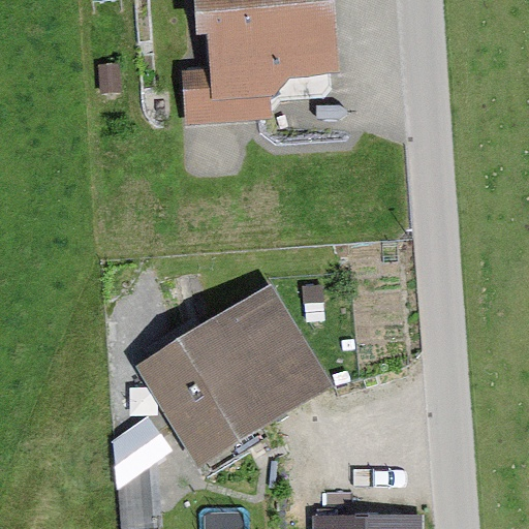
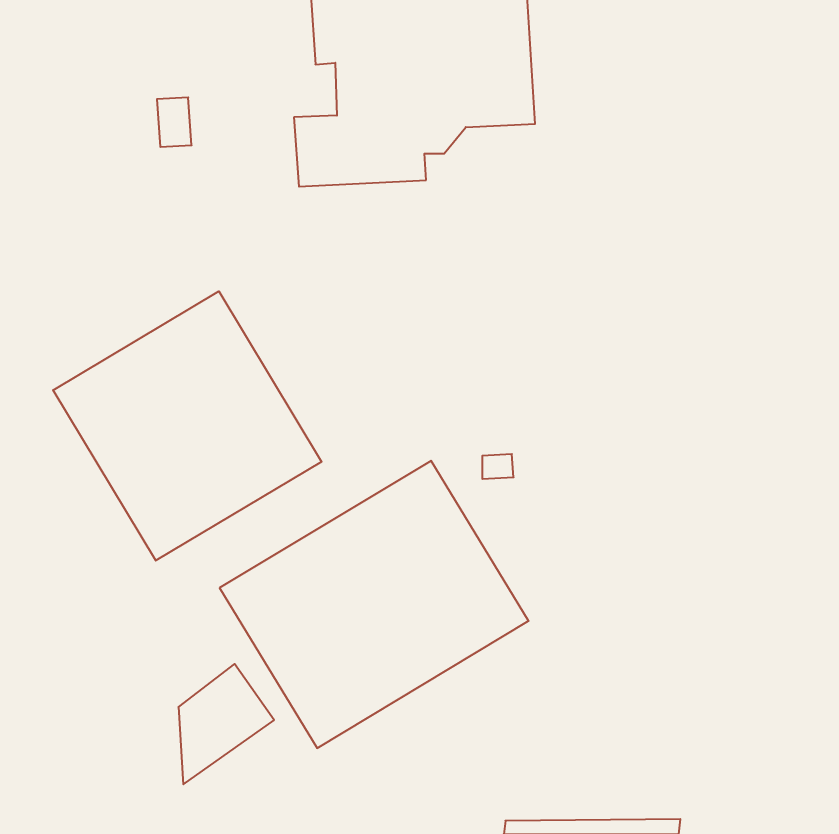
building: none -> [53,291,322,561]

